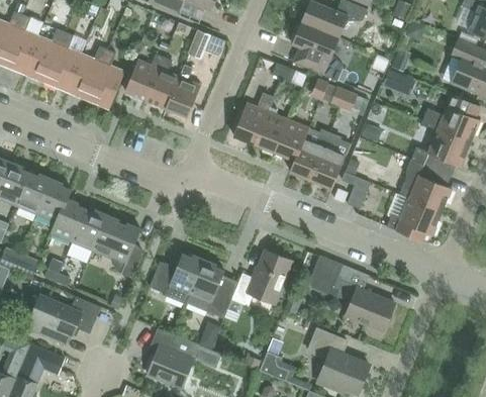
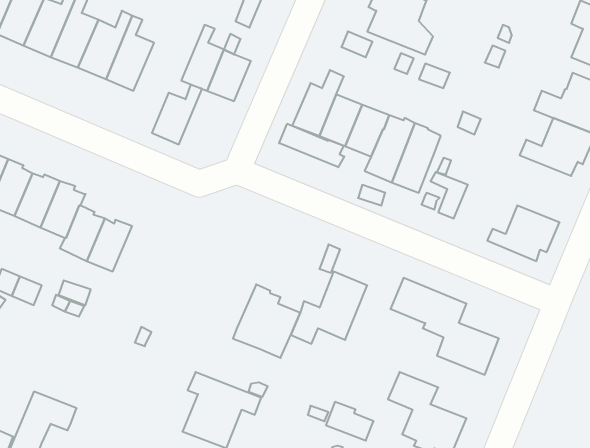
building: [124,54,164,100] -> [152,85,202,144]
building: none -> [279,124,344,167]
building: [399,159,451,211] -> none
building: [92,214,141,277] -> none
building: [150,253,204,304] -> none
building: [28,294,100,343] -> none

